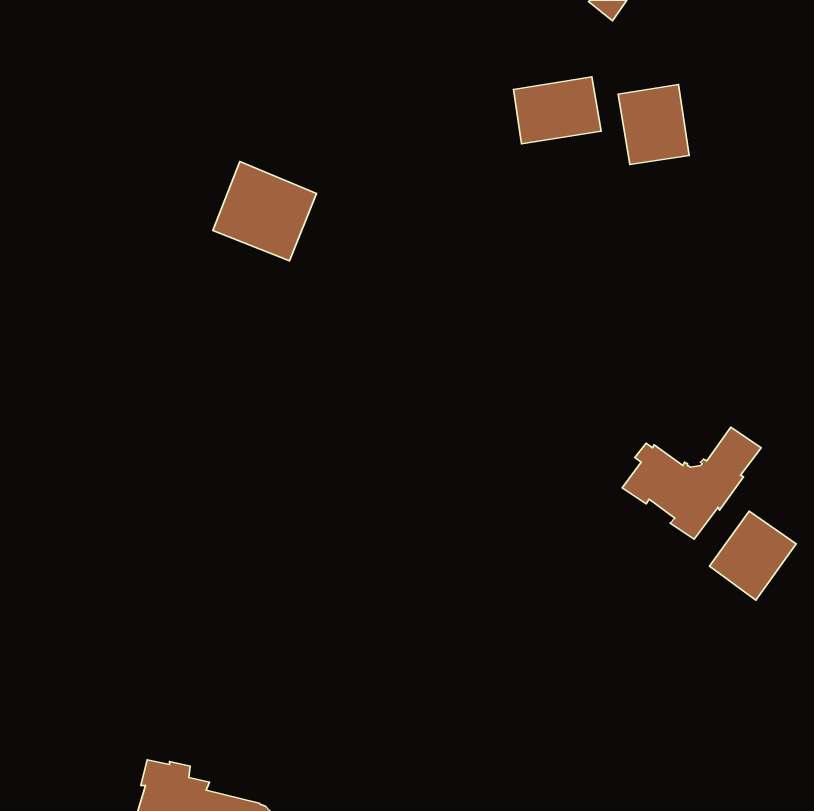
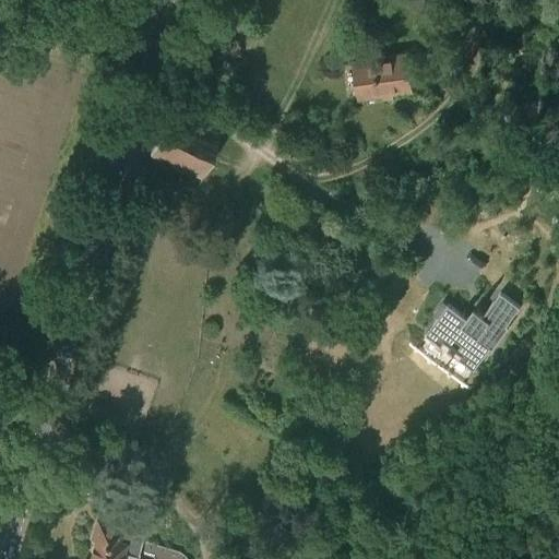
building: [618,85,689,165] -> none
building: [709,511,796,600] -> none

